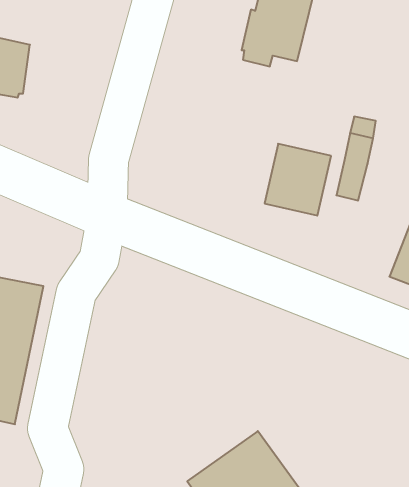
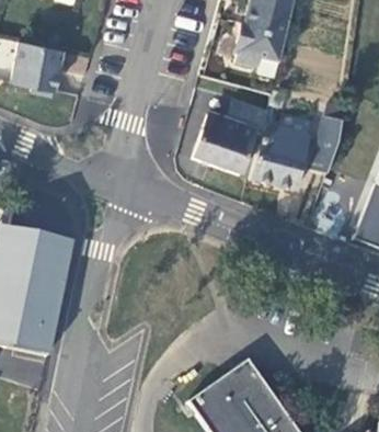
building: none -> [194,98,266,173]

